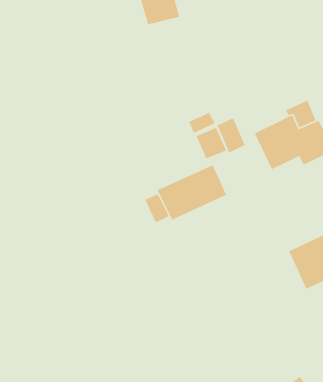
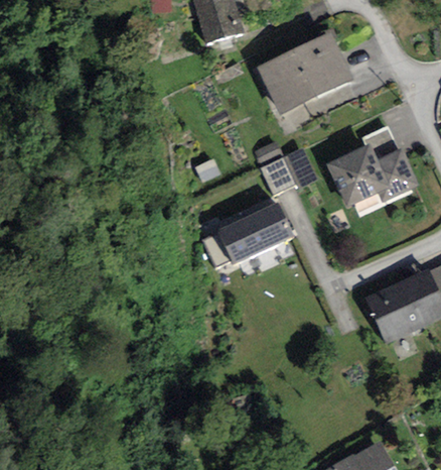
building: none -> [257,30,354,115]

